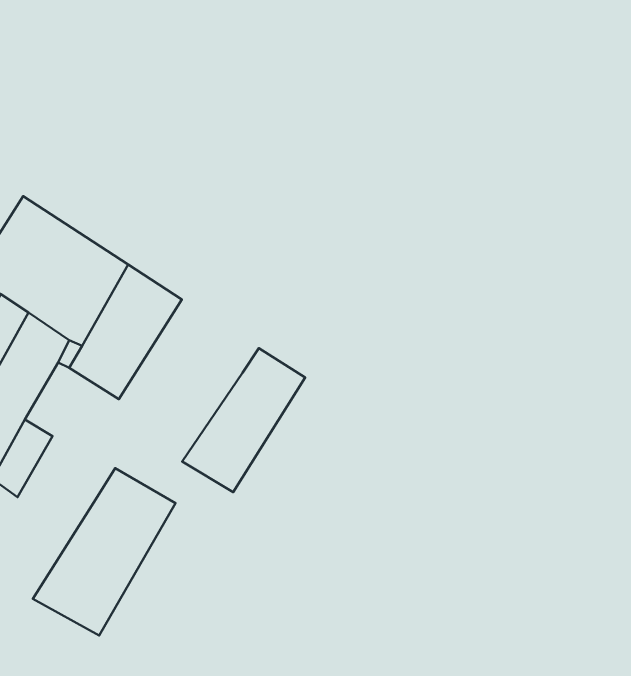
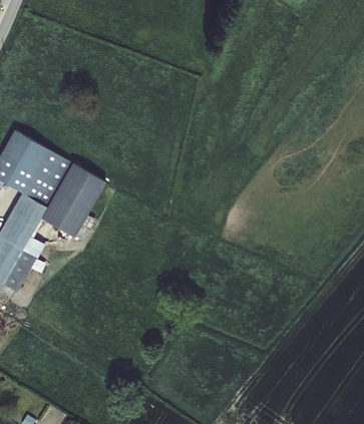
building: [182,348,305,492] -> none
building: [33,468,175,635] -> none

